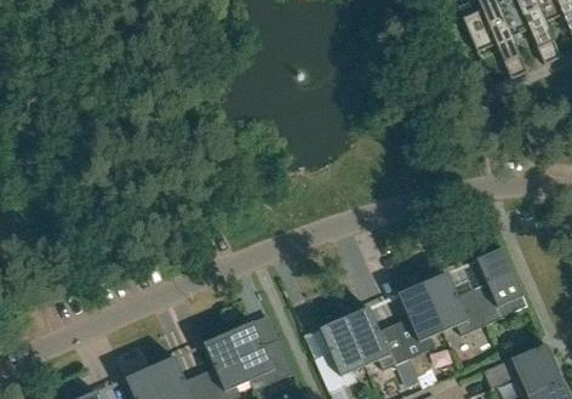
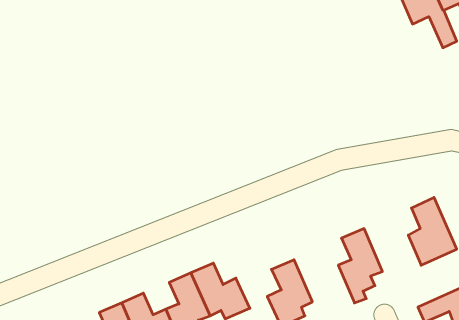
building: [423,270,487,334] -> none
building: [344,306,412,370] -> none

